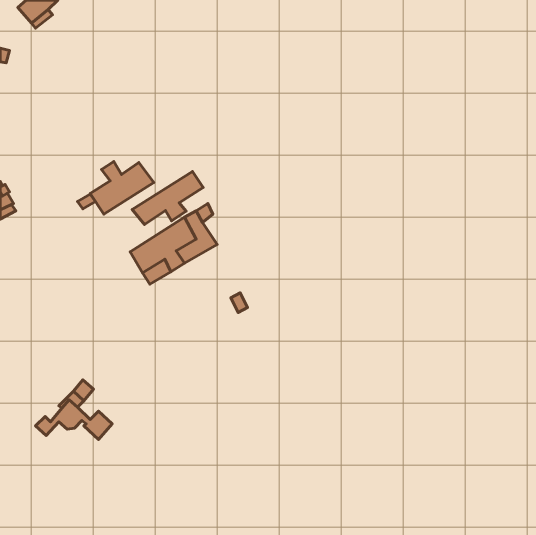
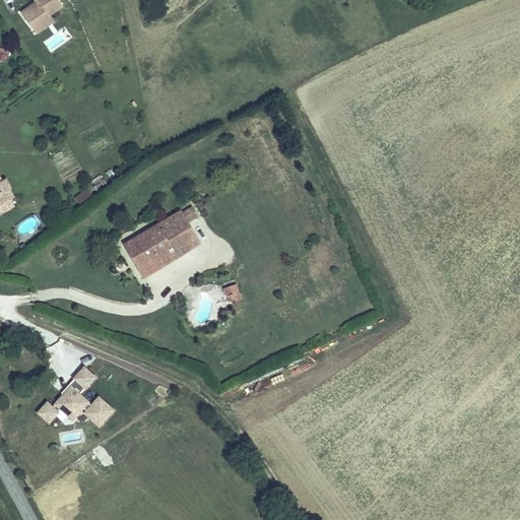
building: [90,162,154,214] -> none
building: [132,172,203,225] -> none

